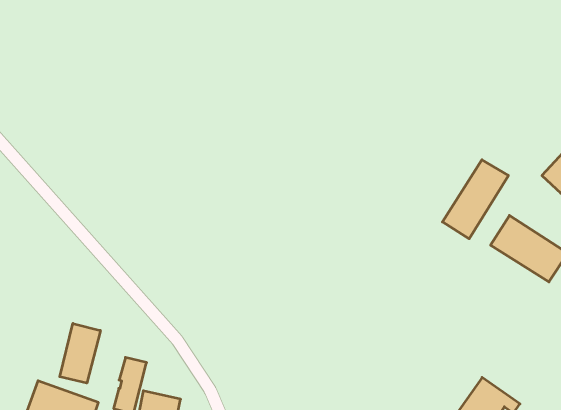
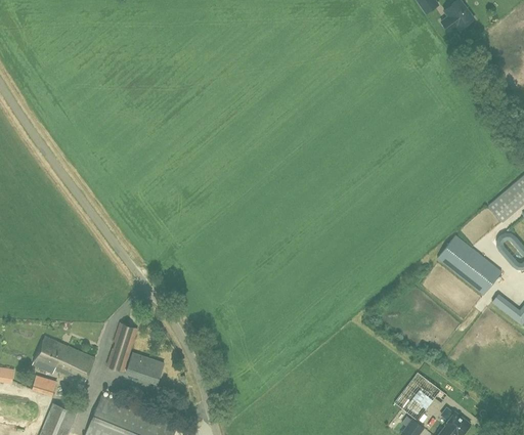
building: [442,160,508,239] -> none
building: [60,323,100,383] -> none

